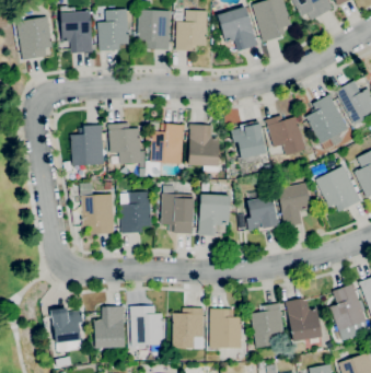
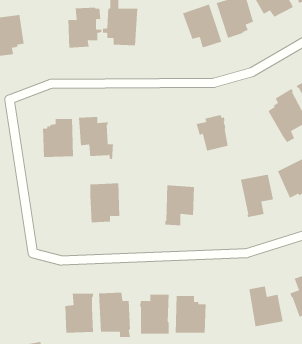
building: [60,7,93,54] -> none
building: [176,10,207,50] -> none
building: [265,115,306,155] -> none
building: [146,124,185,176] -> none
building: [188,124,219,172] -> none
building: [81,182,115,234] -> none
building: [161,185,194,234] -> none
building: [246,190,279,232] -> none
building: [251,303,286,348] -> none
building: [50,307,83,350] -> none

